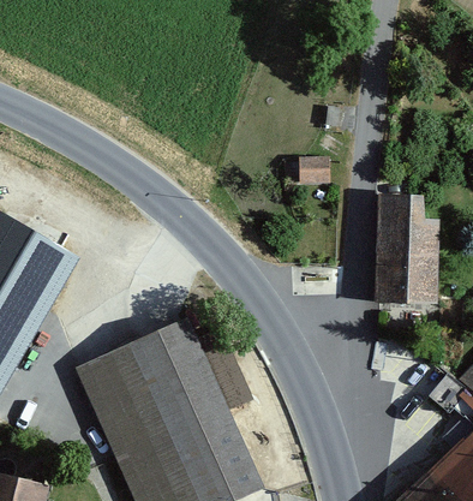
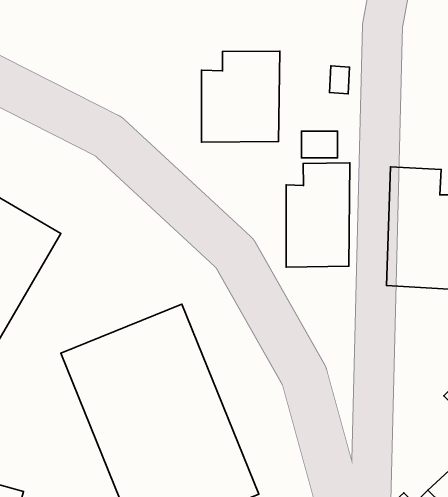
building: none -> [202,51,280,142]
building: none -> [286,163,350,267]

